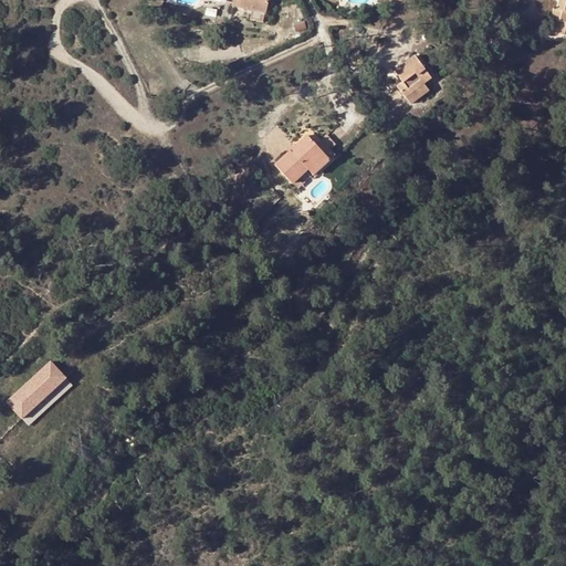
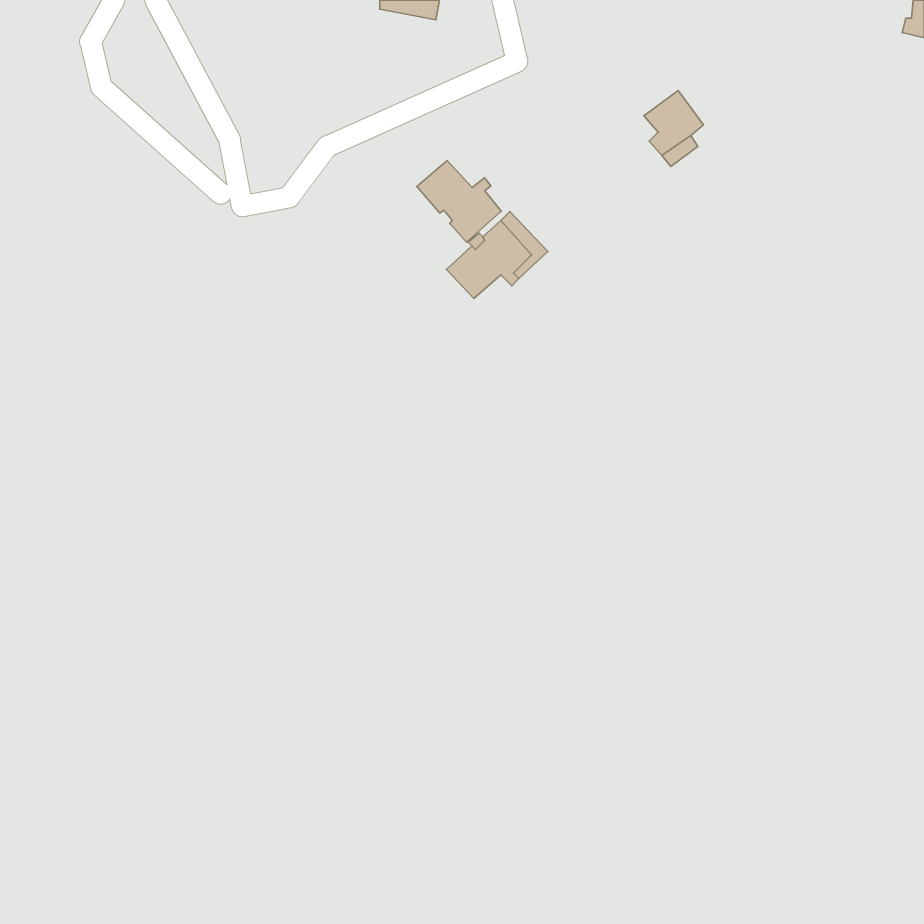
building: none -> [417,160,501,242]
building: [10,358,73,421] -> none

